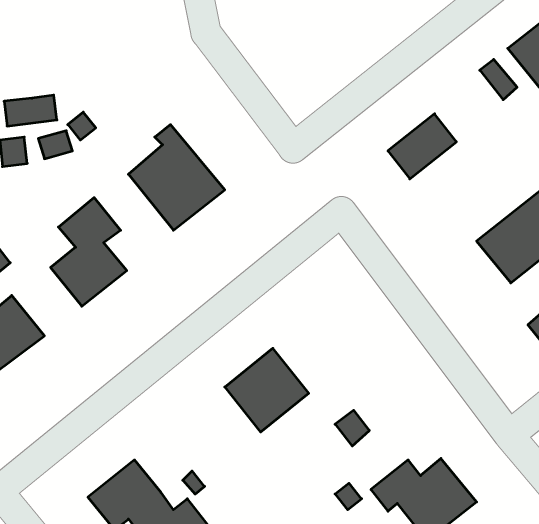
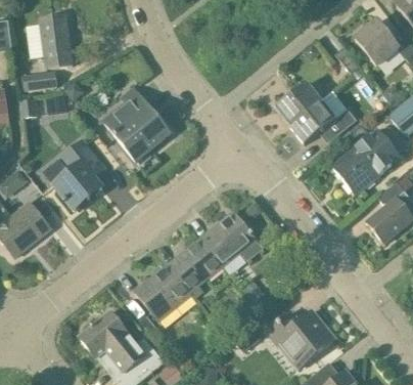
building: none -> [26,15,73,69]
building: none -> [289,100,355,142]
building: none -> [199,211,263,266]
building: none -> [134,262,191,319]

